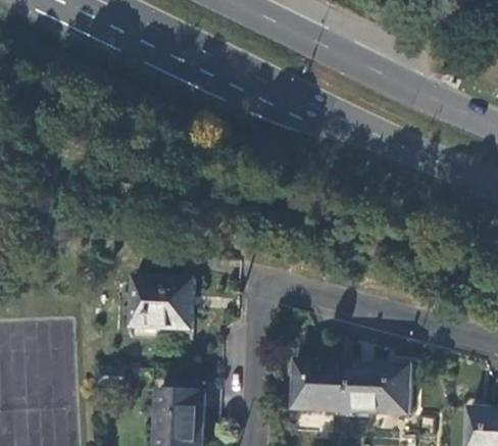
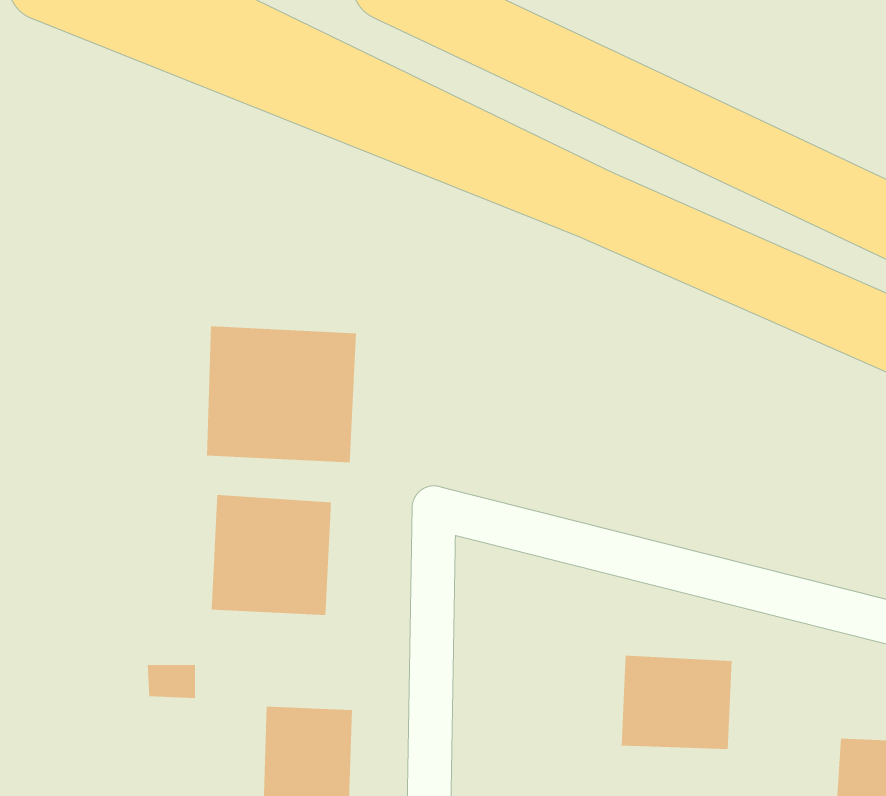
building: none -> [207,325,357,463]
building: [292,359,351,410] -> none

